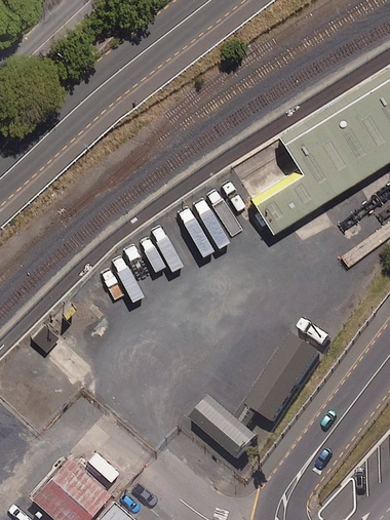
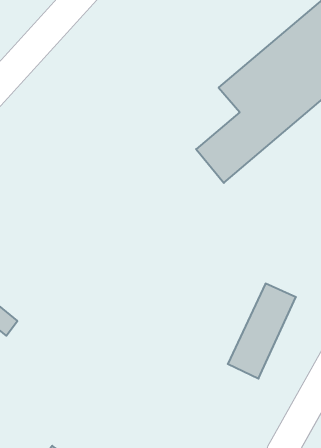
building: [193,398,256,459] -> none

